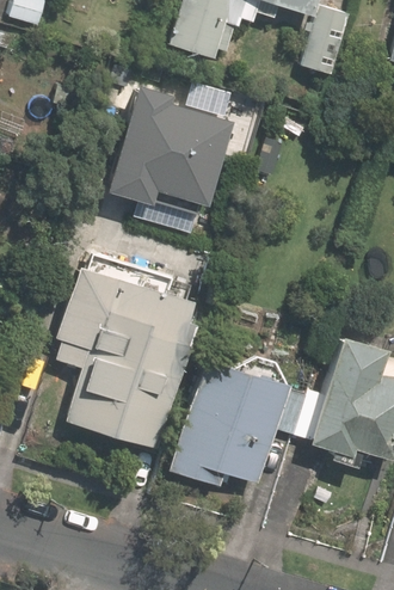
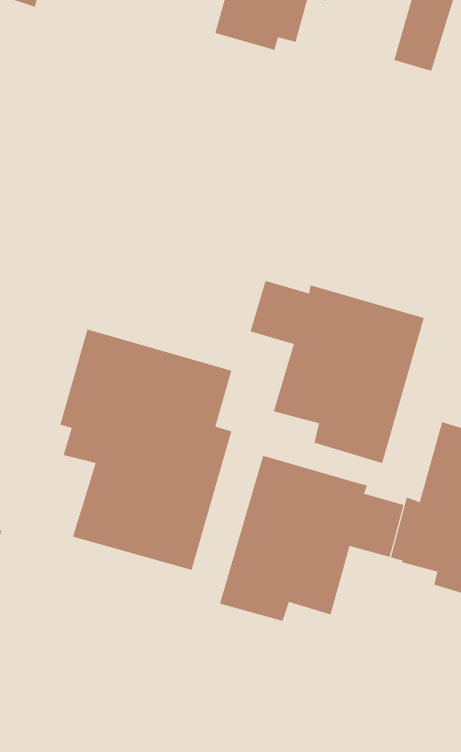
building: [116,85,235,203] -> none
building: none -> [250,280,424,464]

